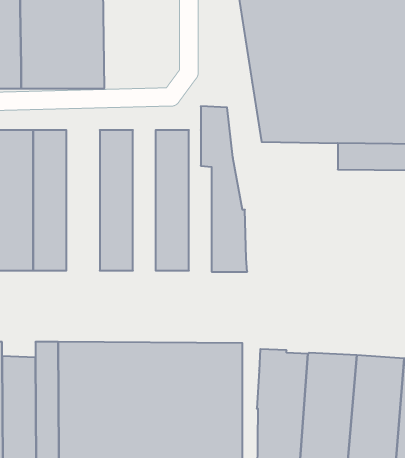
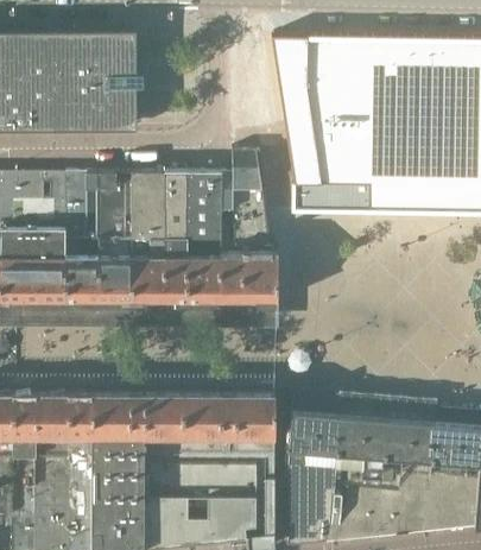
building: none -> [97,173,131,314]
building: none -> [164,173,186,314]
building: none -> [220,173,242,315]
building: none -> [291,185,368,213]

